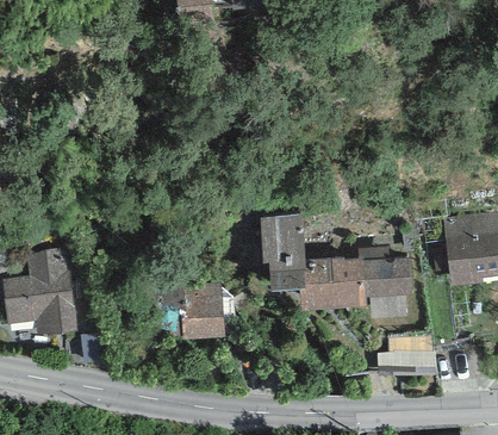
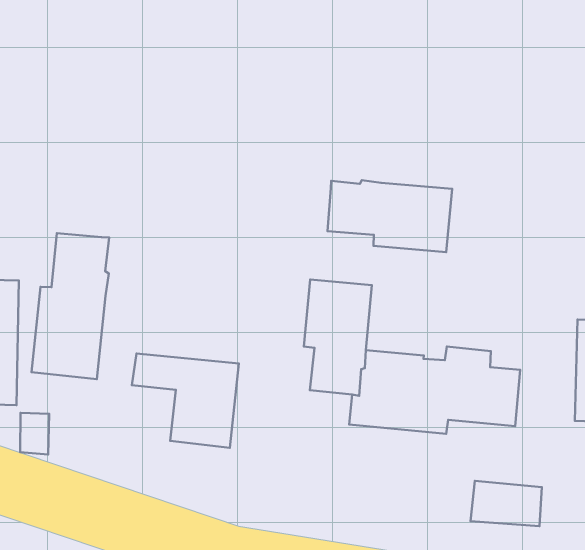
building: none -> [328,180,452,252]
building: none -> [32,233,109,379]

